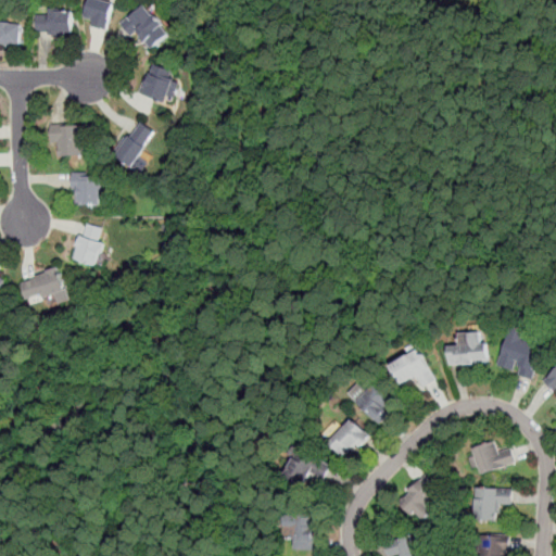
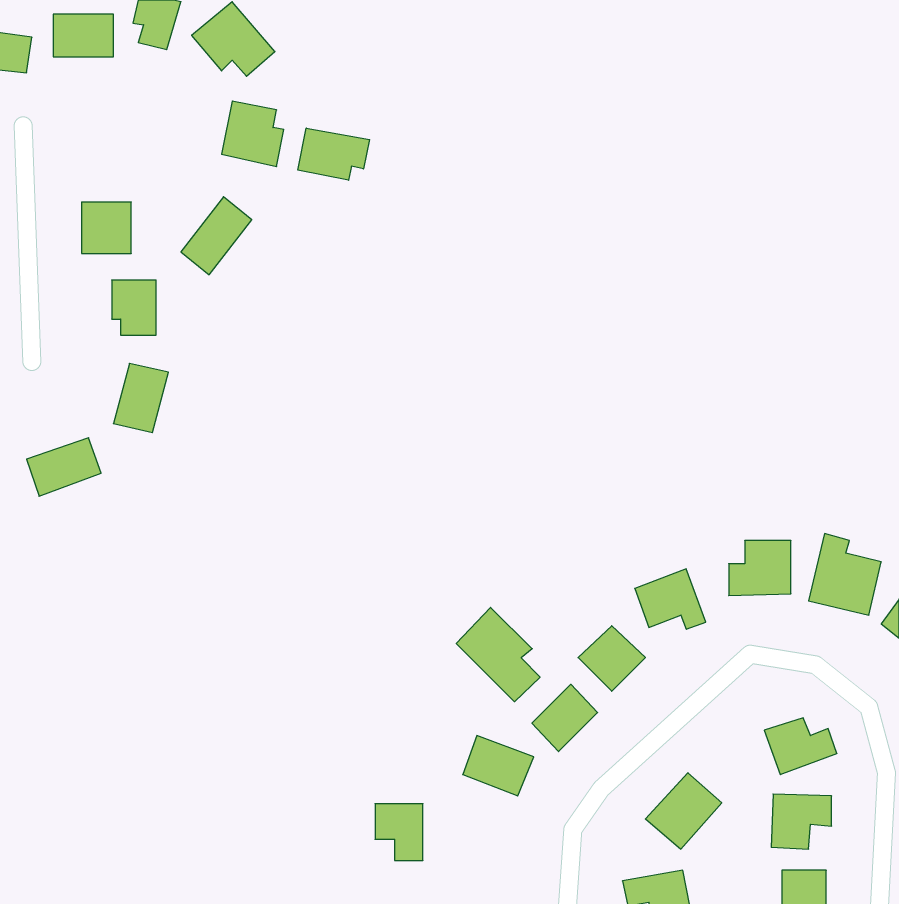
building: none -> [298,128,370,180]
building: none -> [456,607,540,702]
building: [280,516,309,551] -> [375,804,423,860]

